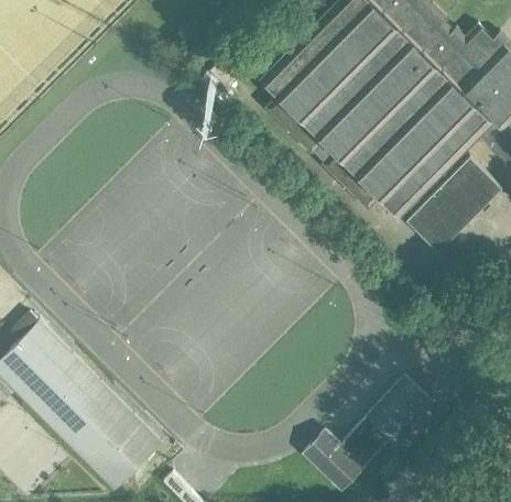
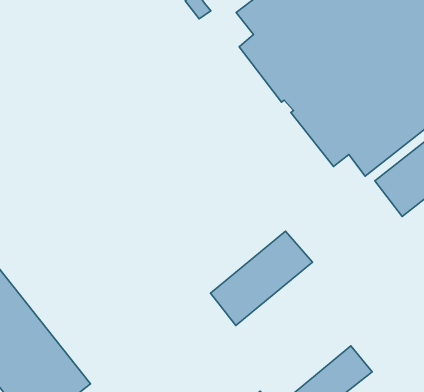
building: none -> [210,231,312,326]

